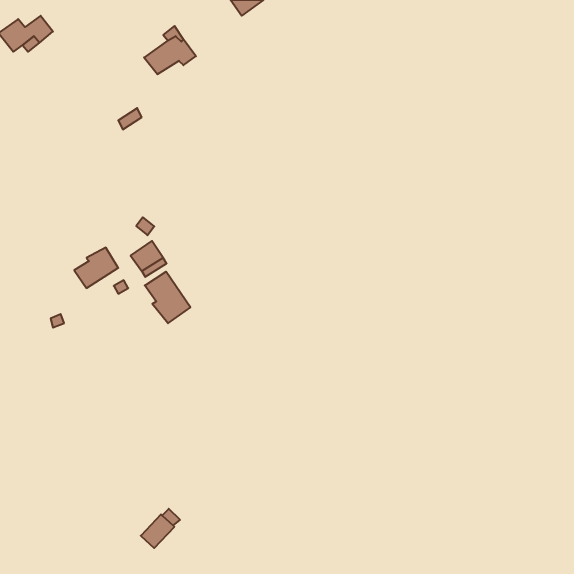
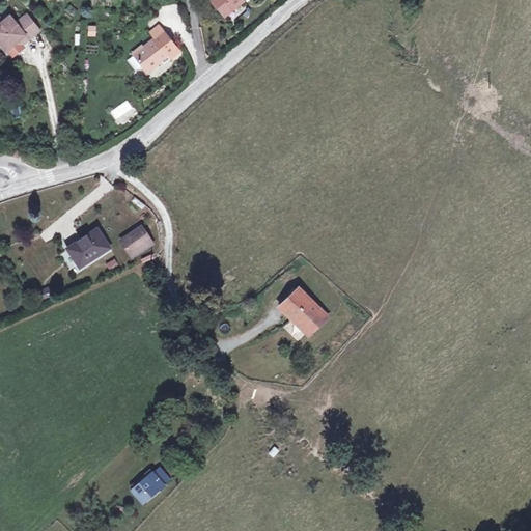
building: [145,272,190,323] -> none
building: none -> [278,290,324,335]

